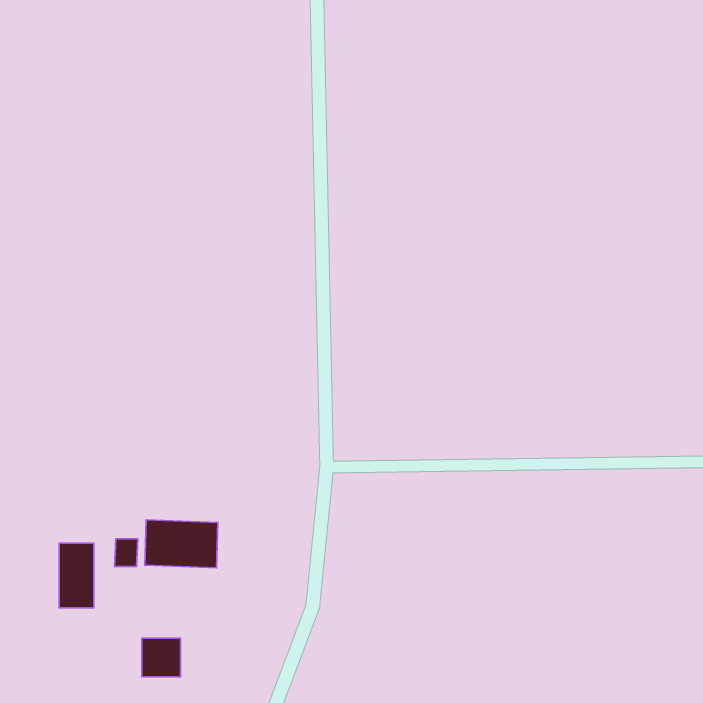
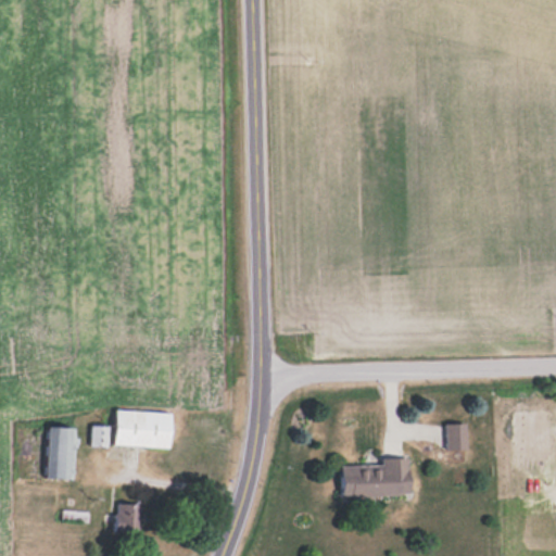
building: none -> [446,425,467,451]
building: none -> [341,462,412,498]

